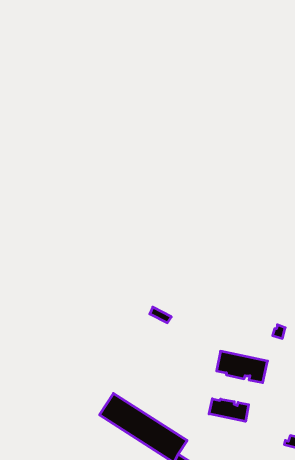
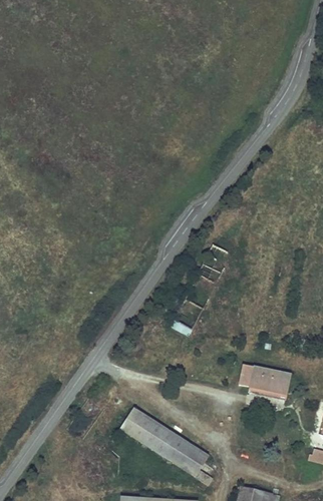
building: [209,399,249,421] -> none

